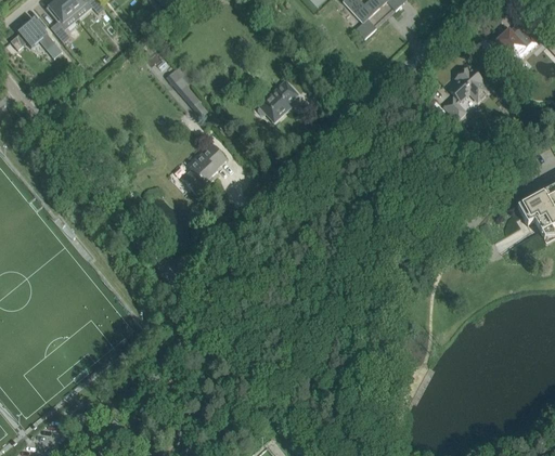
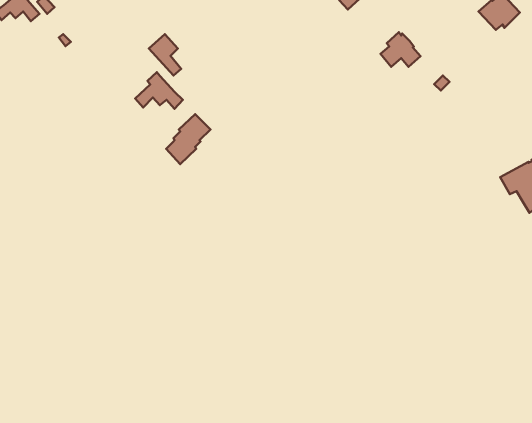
building: [449,66,489,101] -> [380,32,420,67]
building: [258,79,298,121] -> none
building: none -> [135,72,183,109]

